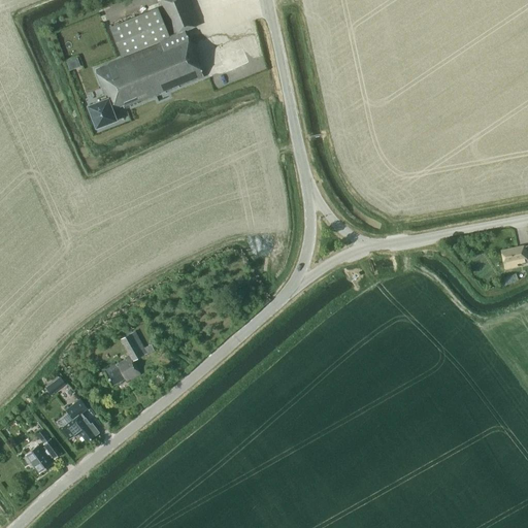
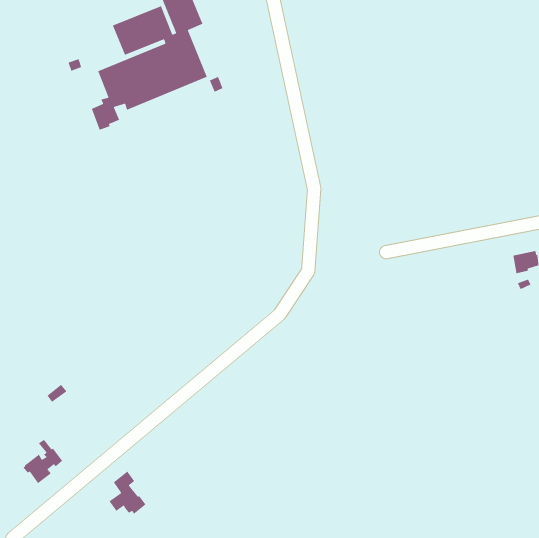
building: [104,330,153,385] -> none
building: [62,398,99,441] -> [109,471,147,515]

